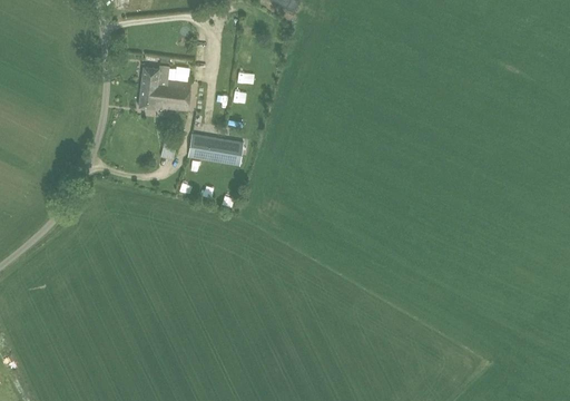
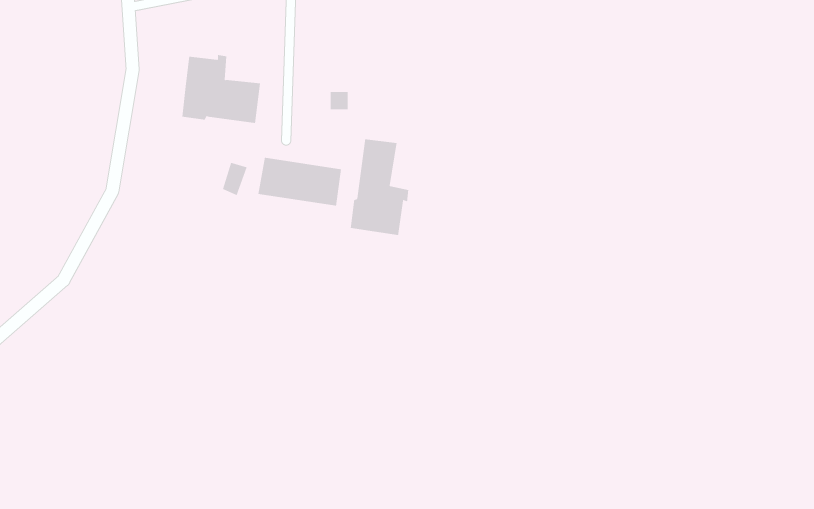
building: none -> [350,138,409,236]

